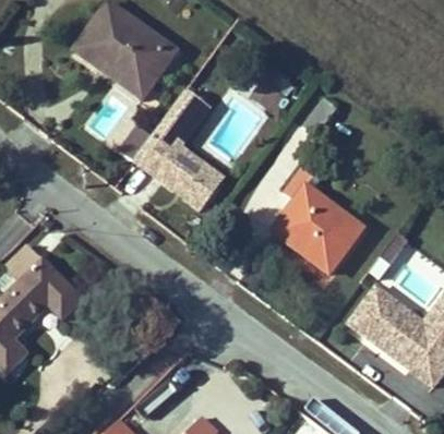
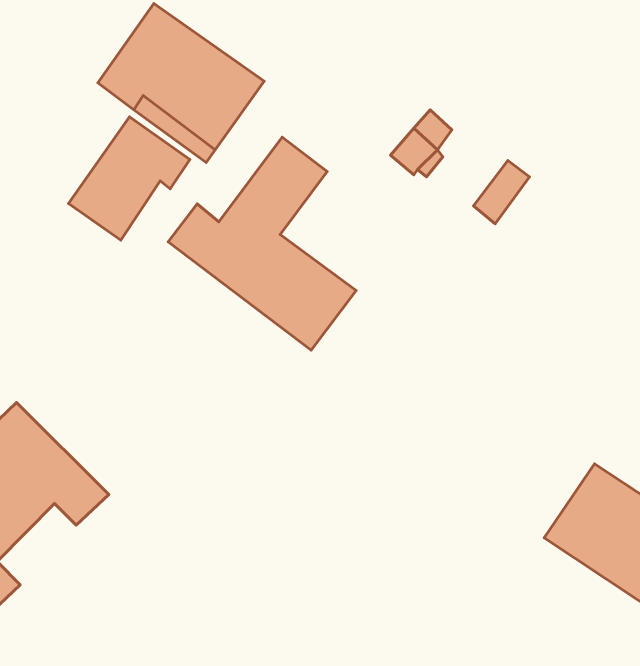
building: none -> [68,117,190,240]
building: [272,162,361,272] -> none

